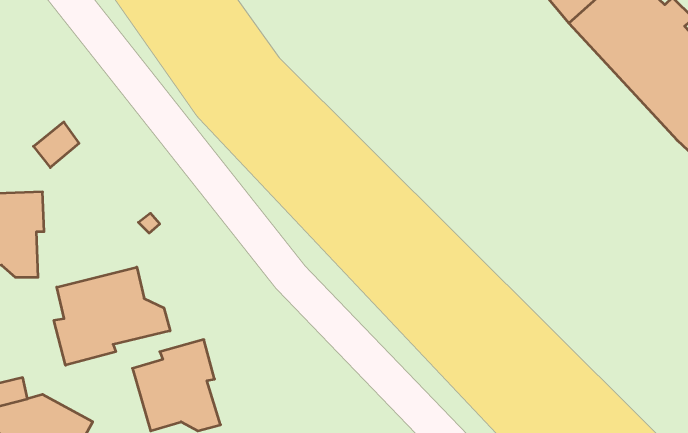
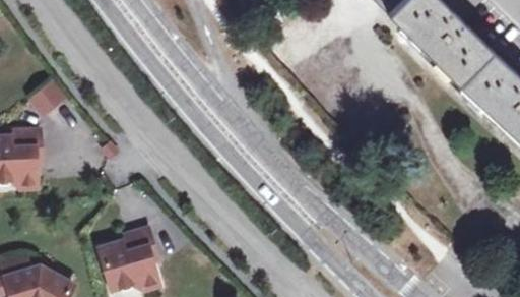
building: [54,267,170,365] -> none

